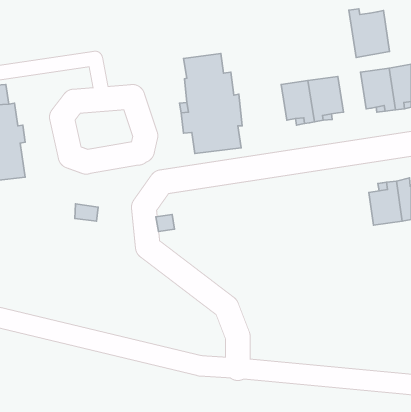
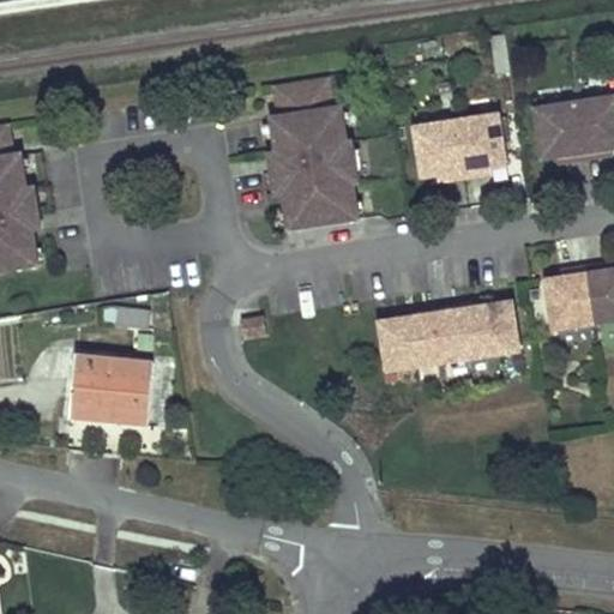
building: [349,9,390,57] -> none
building: none -> [378,301,518,373]
building: none -> [66,350,148,421]

